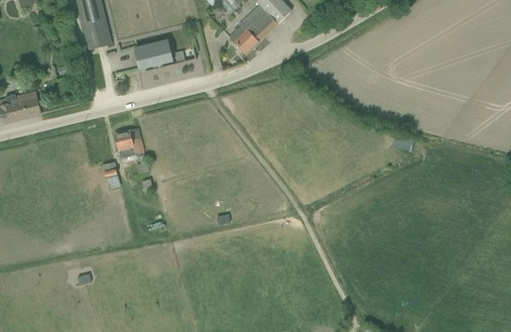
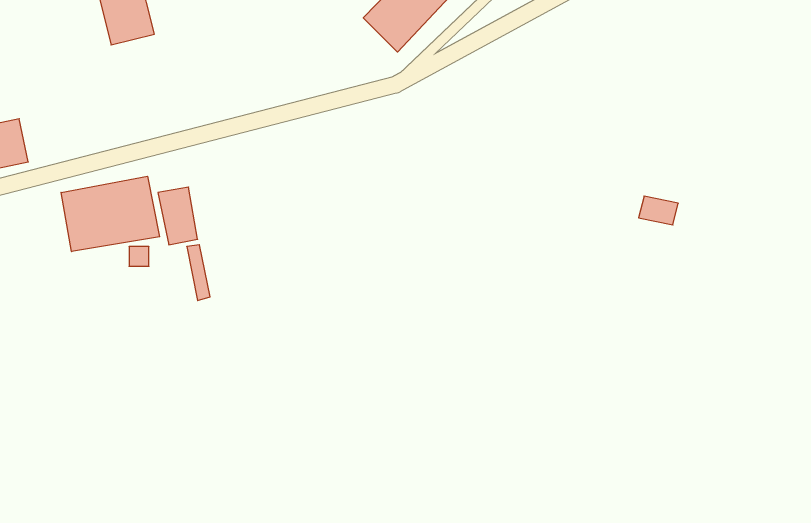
building: [136,36,177,69] -> none
building: none -> [61,176,160,252]

